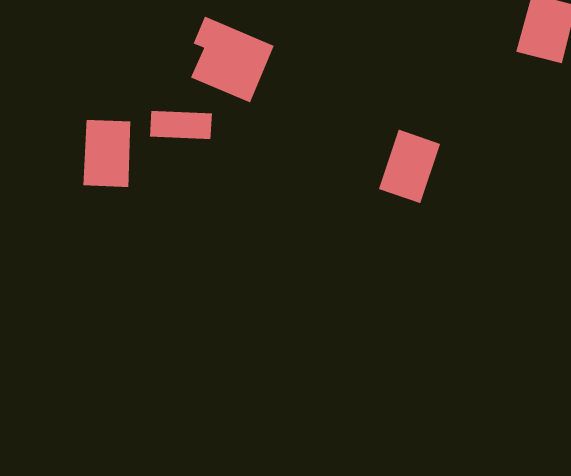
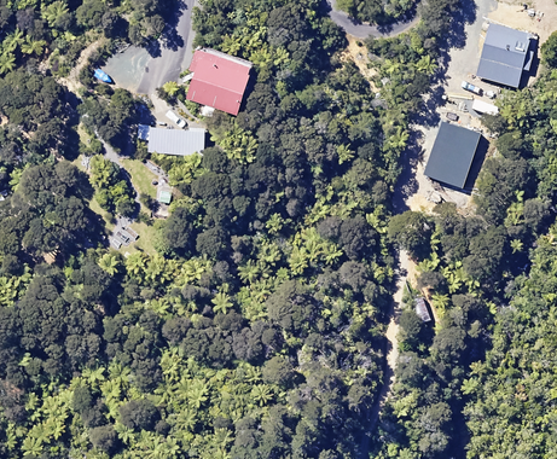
building: [83,119,131,188] -> none
building: [378,129,441,204] -> [424,120,481,187]

